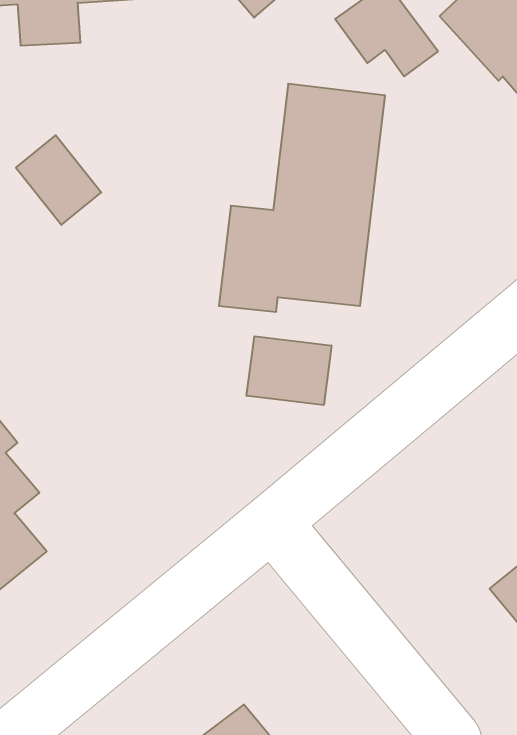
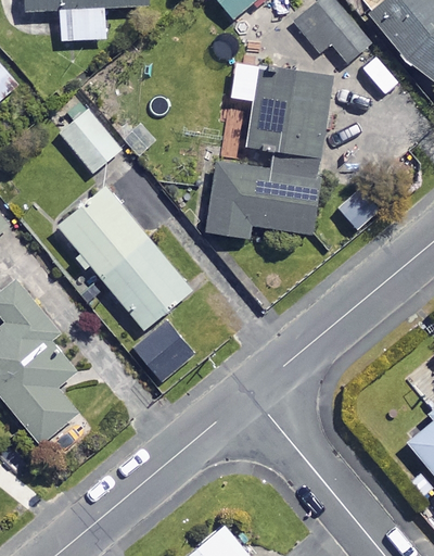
building: none -> [59,187,191,329]
building: [247,336,331,405] -> none
building: none -> [132,319,194,381]

